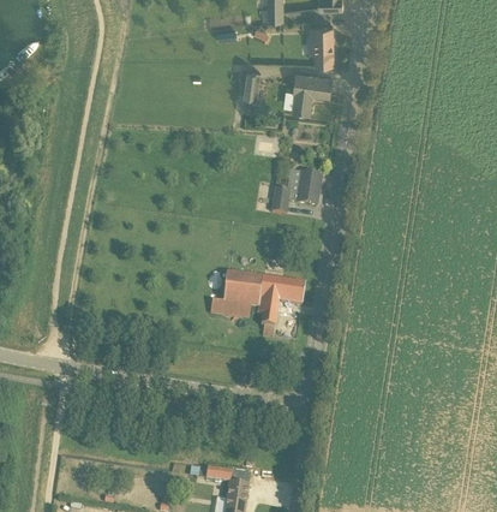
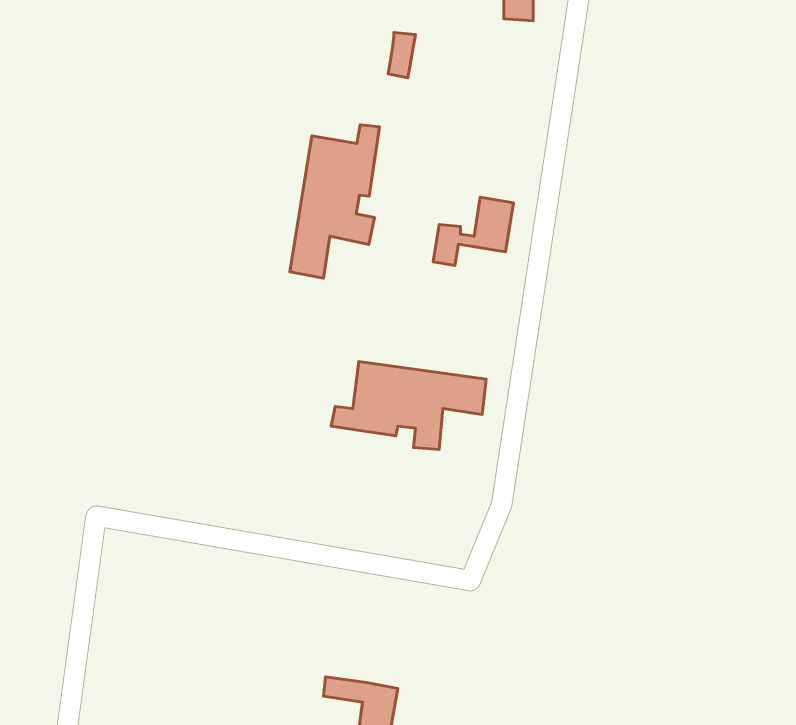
building: [291,71,330,111] -> none
building: none -> [290,125,379,278]

